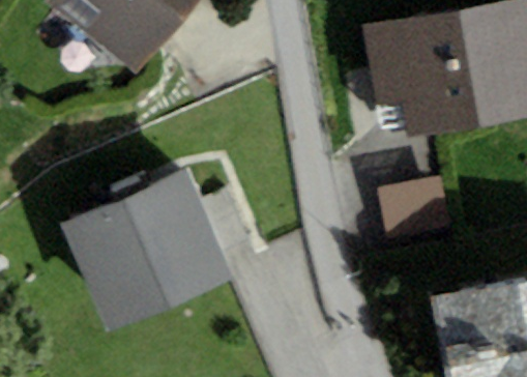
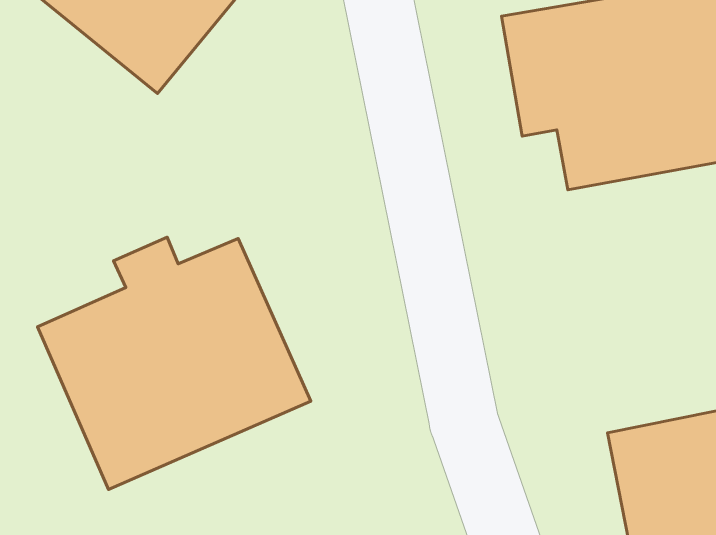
building: [378,177,448,241] -> none

